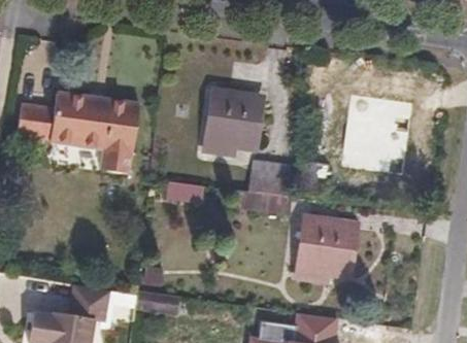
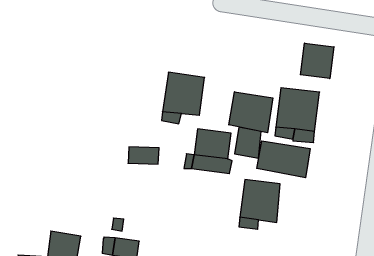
building: none -> [300,43,334,79]
building: [16,91,138,172] -> none
building: none -> [229,92,273,133]
building: none -> [257,141,310,178]

